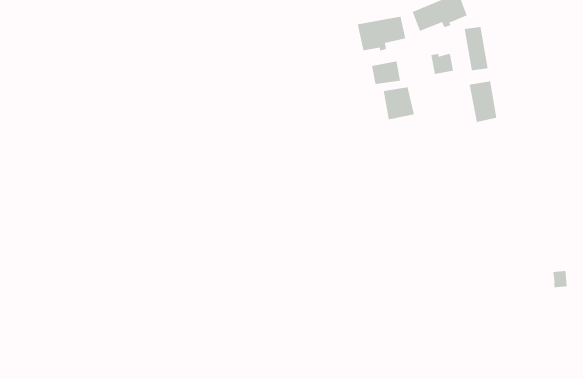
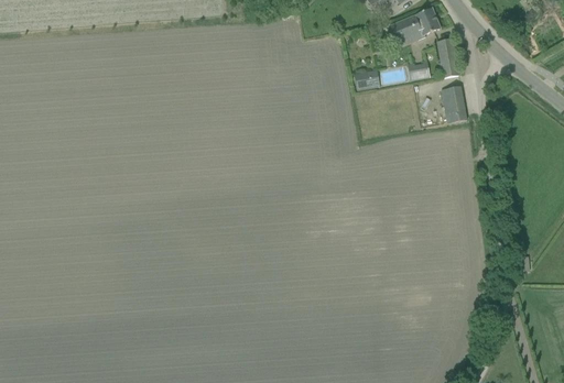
building: [357,16,406,51] -> none
building: [383,87,414,120] -> none

